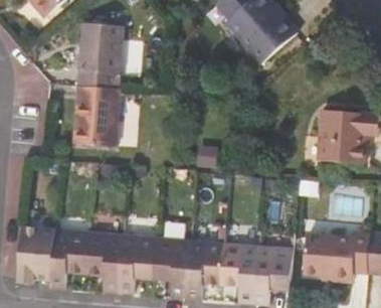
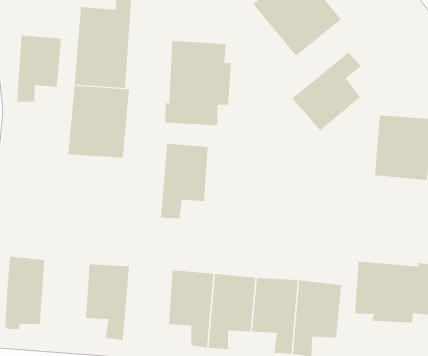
building: none -> [16,35,61,103]
building: none -> [165,40,231,126]
building: none -> [292,52,362,131]
building: [50,227,89,288] -> none
building: [118,233,157,294] -> [160,143,209,219]

